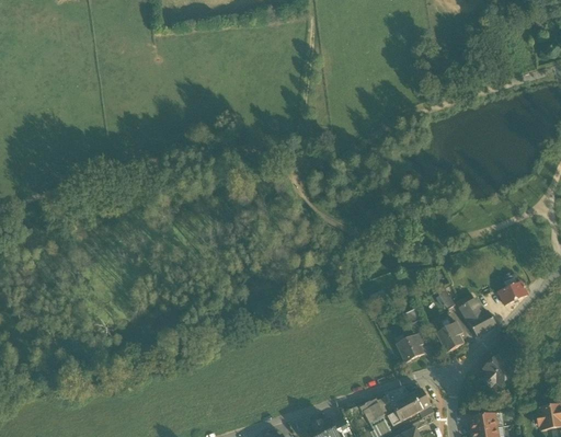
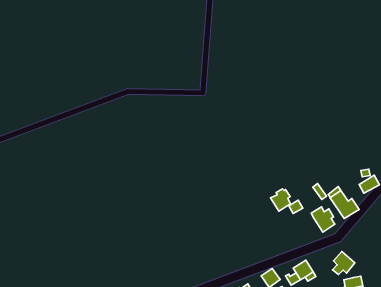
building: [397,333,423,363] -> [271,189,291,211]
building: [482,356,513,387] -> [332,251,355,274]

